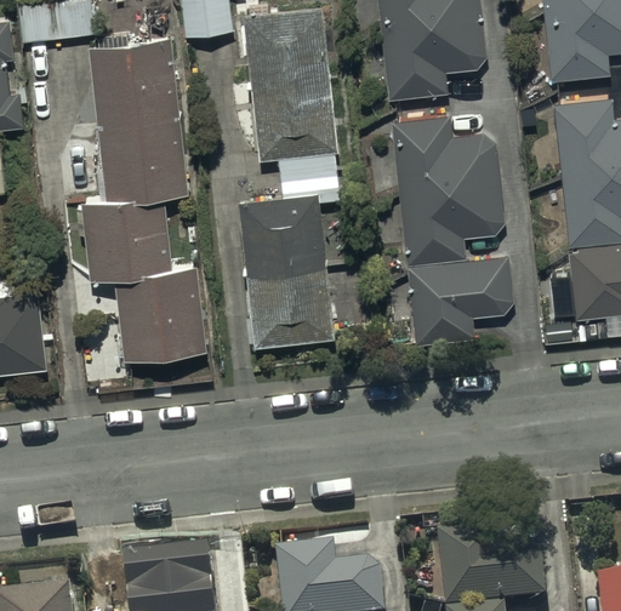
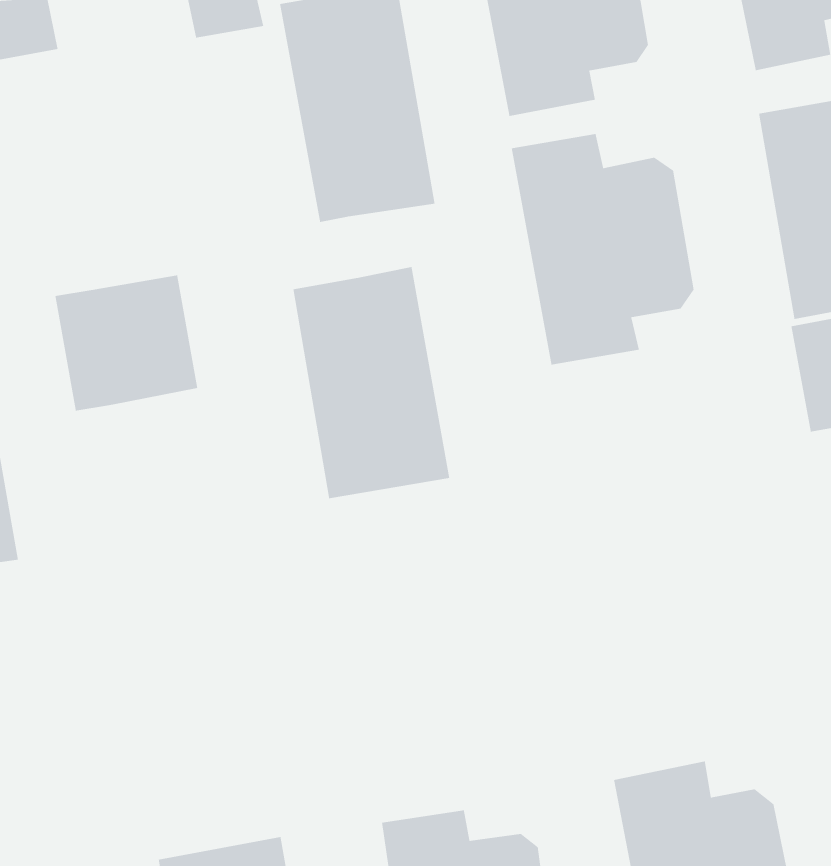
building: [90,38,188,196] -> none
building: [279,155,341,200] -> none
building: [406,257,514,347] -> none
building: [114,264,206,359] -> none

